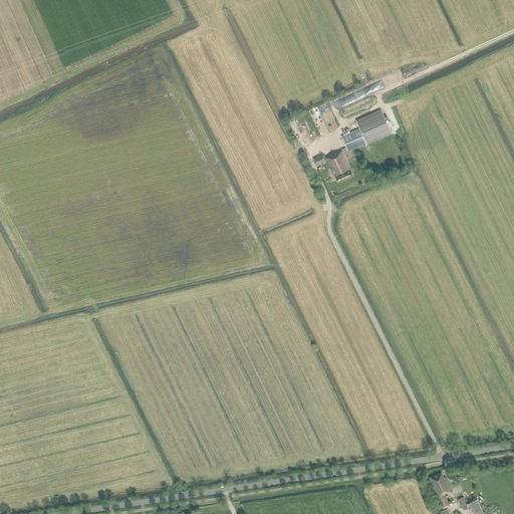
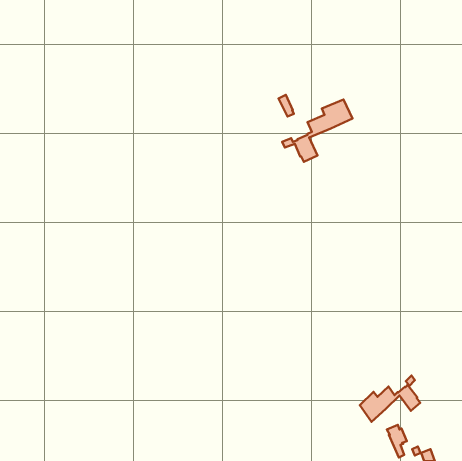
building: none -> [360,375,420,422]

